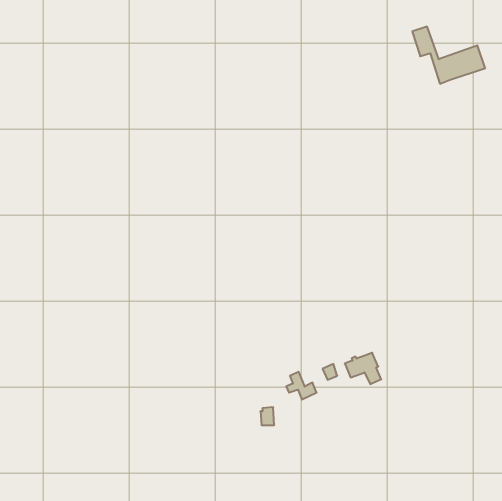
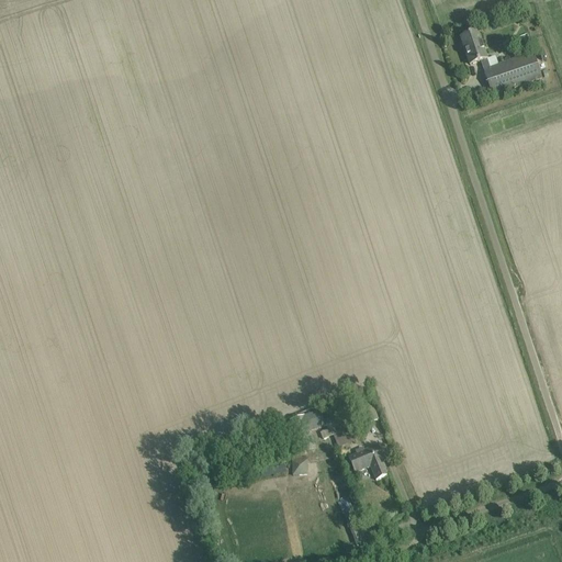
building: [345,353,381,384] -> [346,442,386,477]

